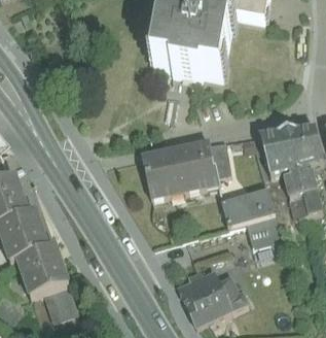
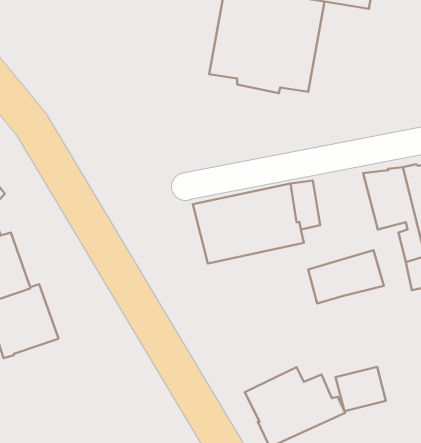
building: [245,213,280,244] -> [336,367,386,411]
building: [16,247,76,317] -> none

